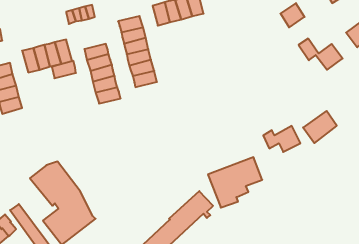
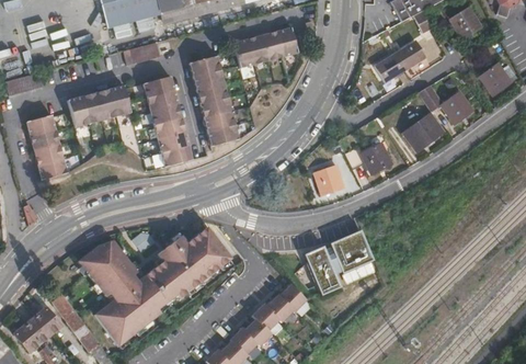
building: none -> [375,53,407,82]
building: [52,61,76,78] -> [144,76,174,98]
building: none -> [313,164,344,195]
building: [303,111,337,143] -> [402,112,445,152]
building: [263,126,300,152] -> [346,141,393,174]
building: none -> [141,227,231,309]

